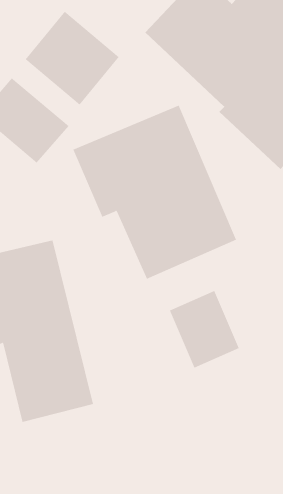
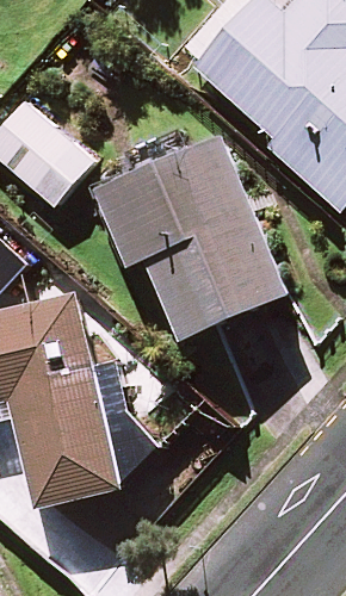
building: [25,11,120,106] -> none
building: [169,290,239,368] -> none

